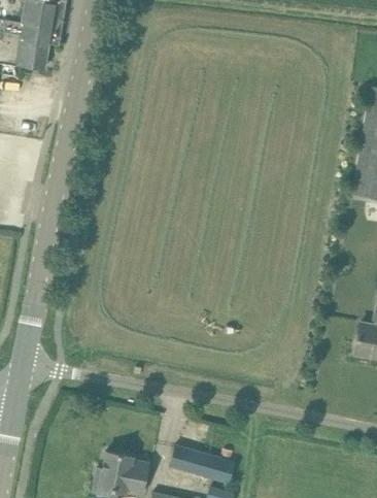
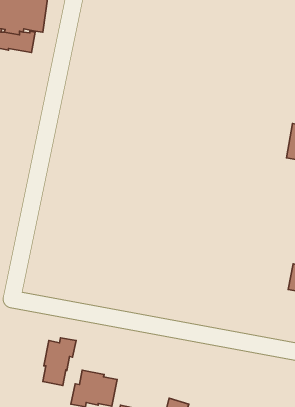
building: none -> [43,338,76,385]
building: [171,444,236,483] -> none

